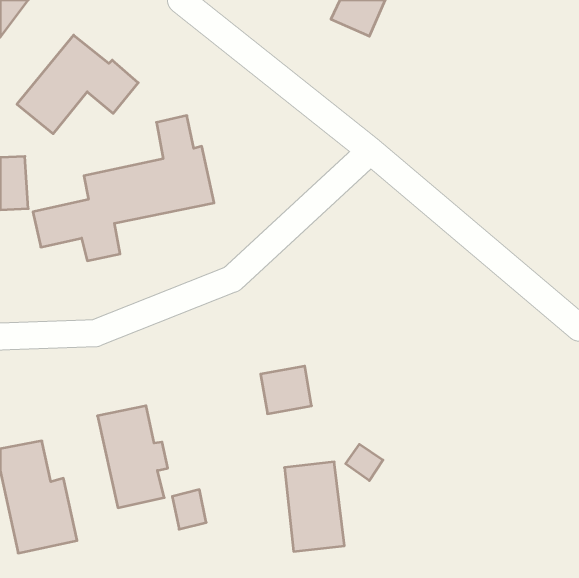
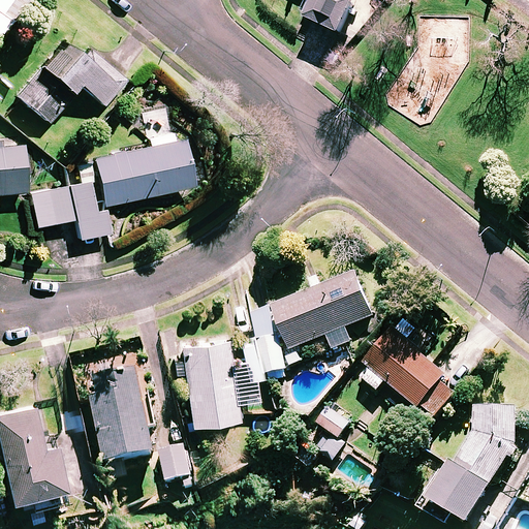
building: none -> [271,273,372,351]
building: none -> [364,329,456,414]
building: none -> [417,406,517,524]
building: [284,462,344,551] -> [181,338,236,419]

